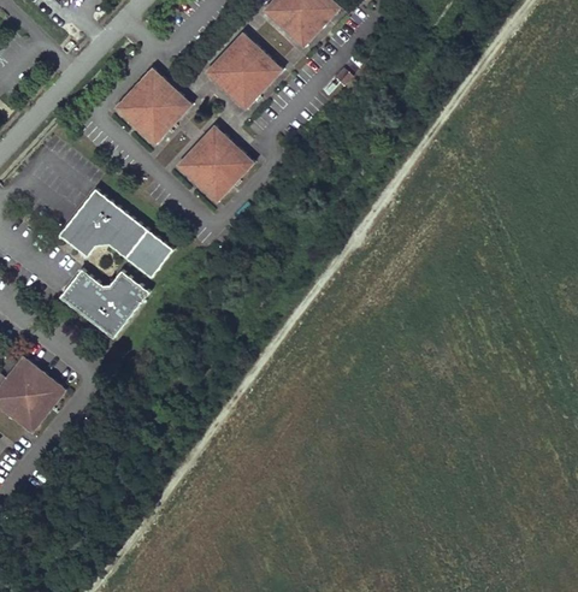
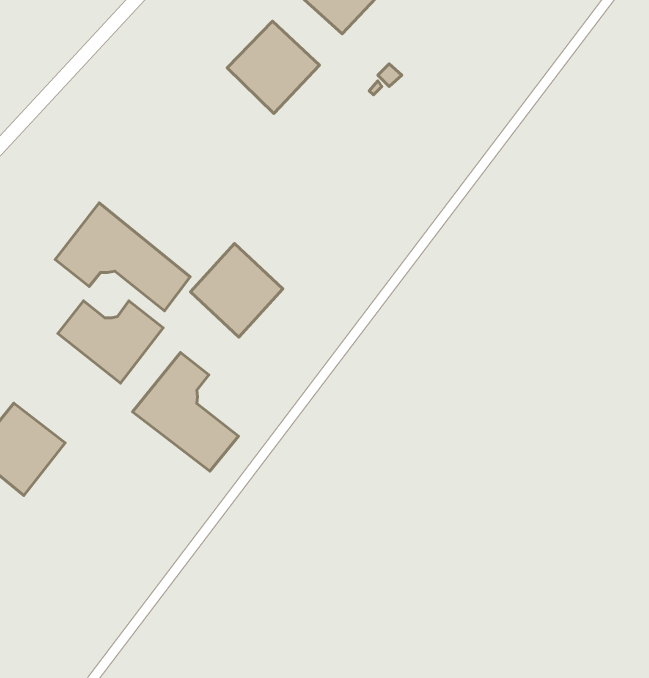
building: [113,67,191,144] -> none
building: [175,124,253,203] -> [191,243,283,337]
building: none -> [132,352,239,471]

